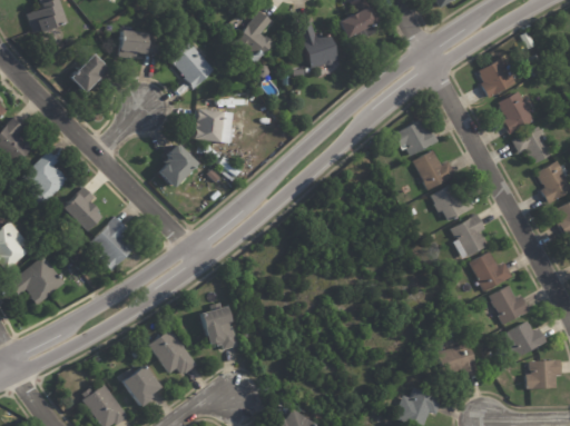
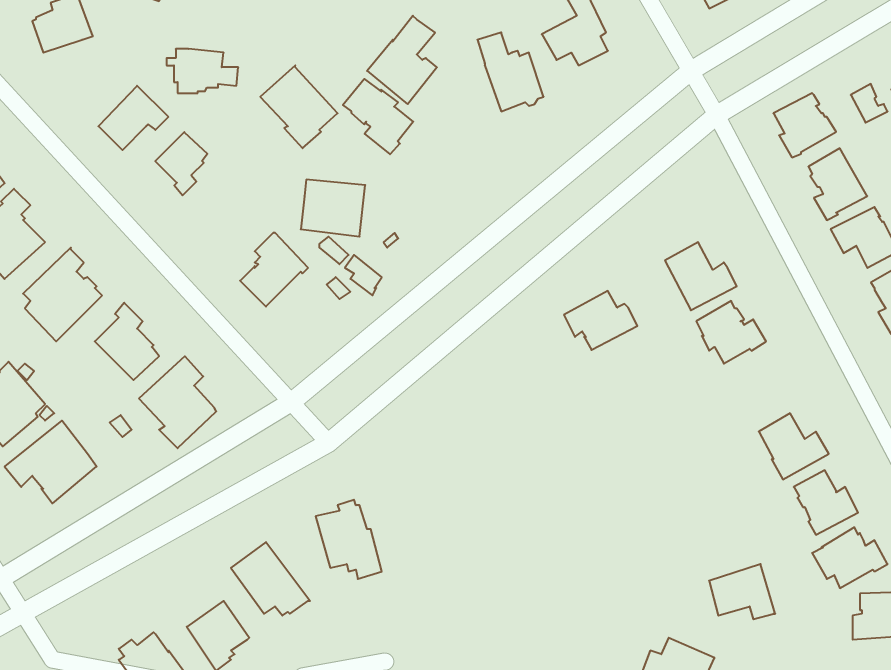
building: none -> [343,79,413,154]
building: none -> [155,132,207,195]
building: [392,119,436,155] -> [564,291,637,350]
building: [449,214,485,258] -> none

